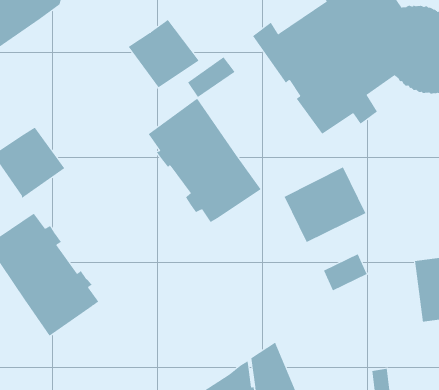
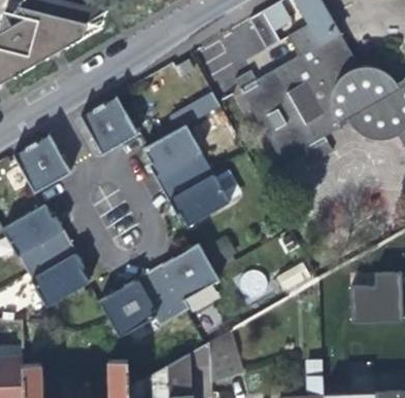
building: [128,19,200,88] -> [81,98,139,153]
building: [284,166,366,243] -> none
building: none -> [99,245,218,336]

